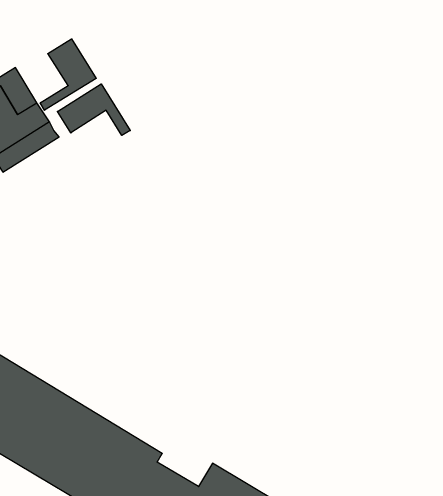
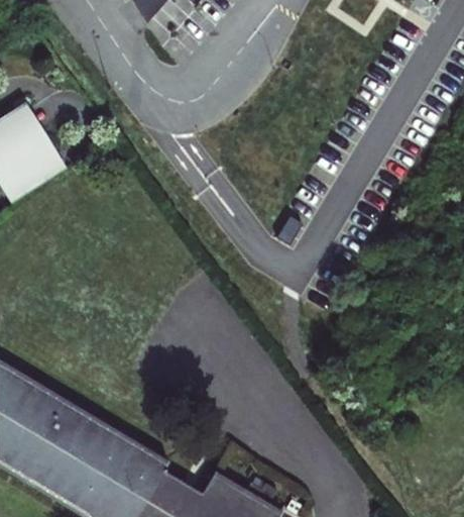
building: [40,39,96,110] -> none
building: [57,84,130,135] -> none

